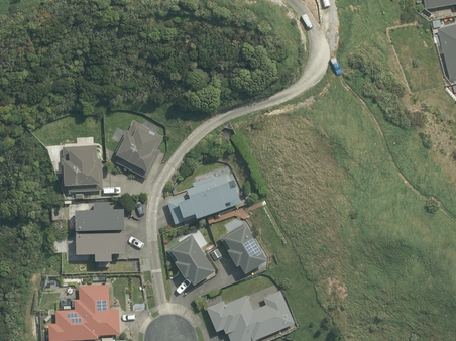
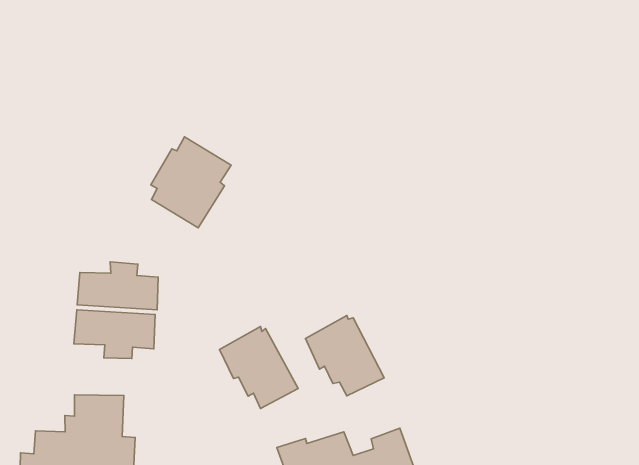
building: [60,144,104,192] -> none
building: [167,174,241,224] -> none

